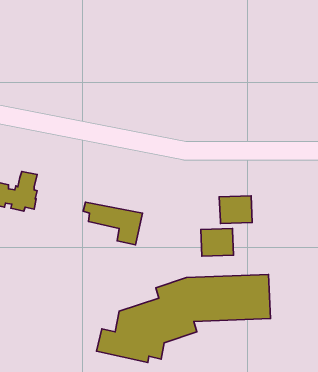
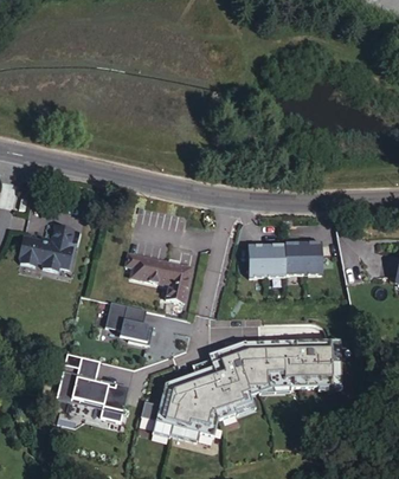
building: [201,229,234,256] -> [246,246,284,278]
building: none -> [104,303,153,347]
building: none -> [57,357,130,423]

